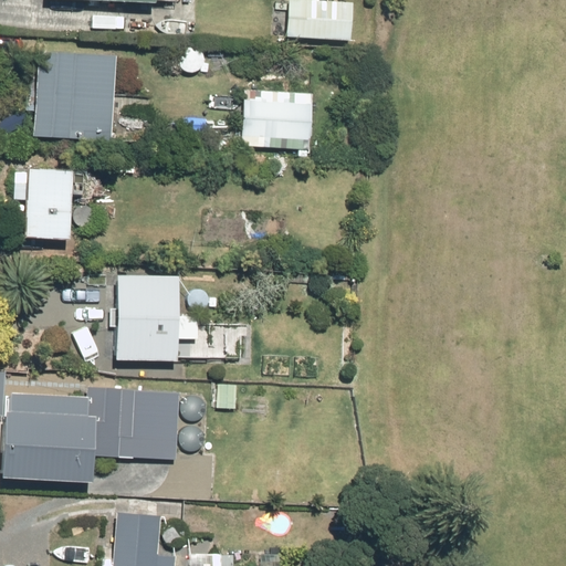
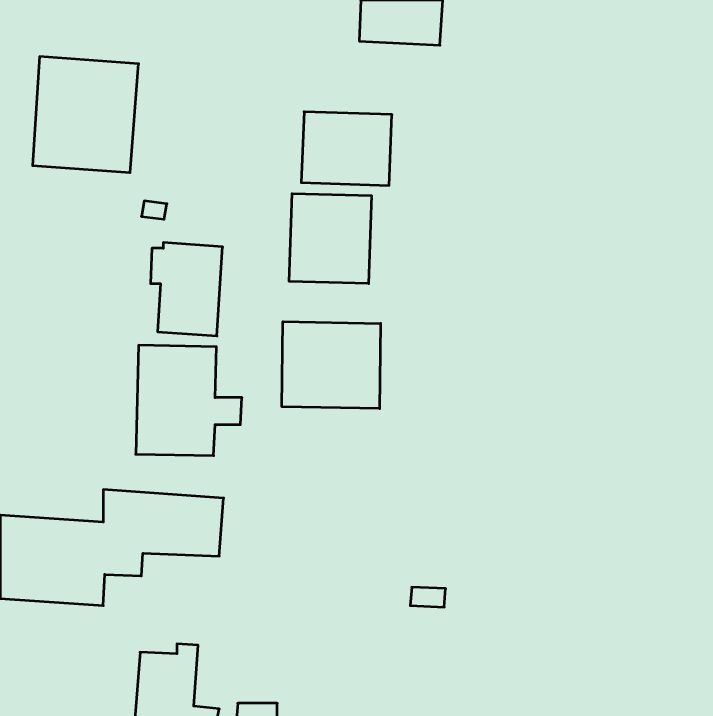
building: none -> [289,194,371,284]
building: [15,166,72,239] -> [151,243,223,336]
building: none -> [282,322,381,409]

